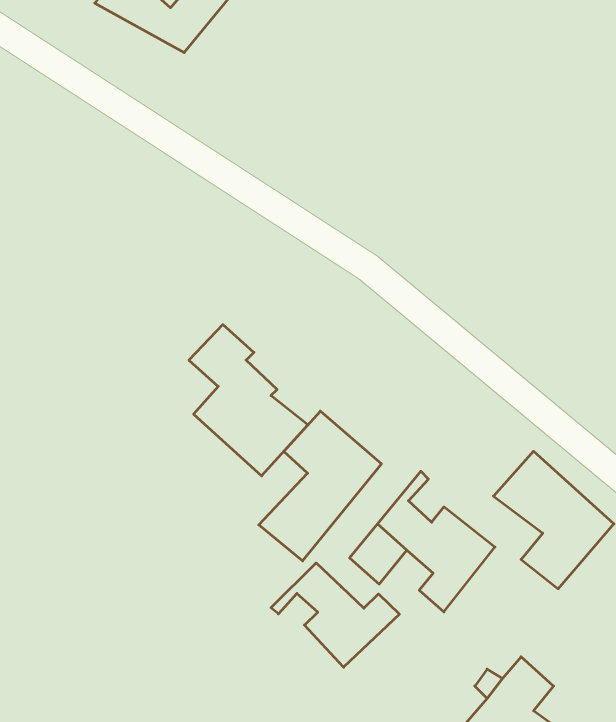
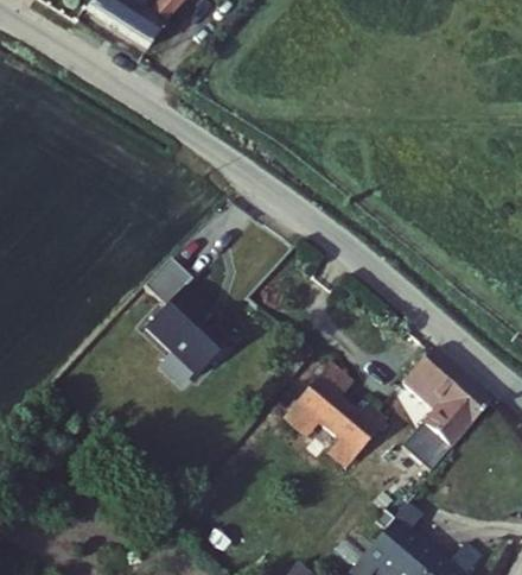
building: [259,411,381,561] -> none
building: [271,563,399,667] -> none

